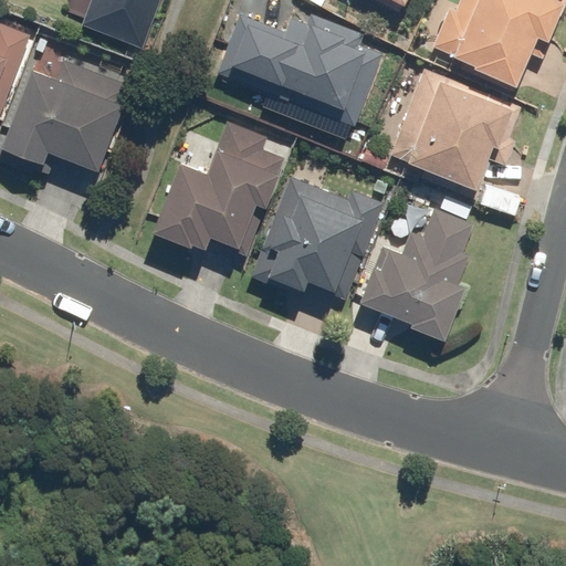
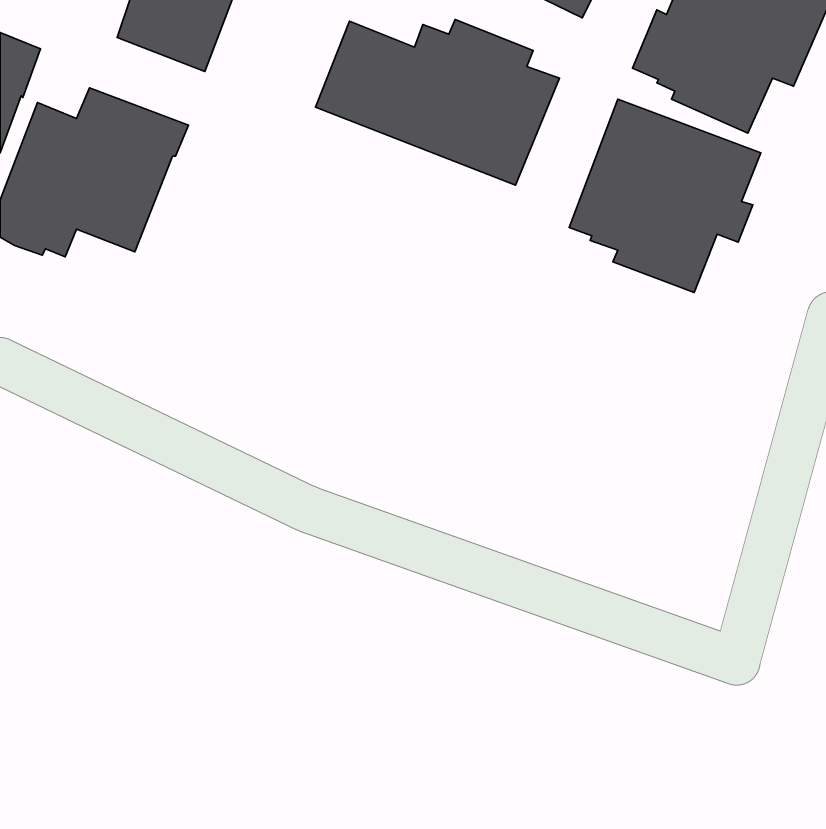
building: [150,120,284,250] -> none
building: [251,177,384,298] -> none
building: [357,207,473,339] -> none

